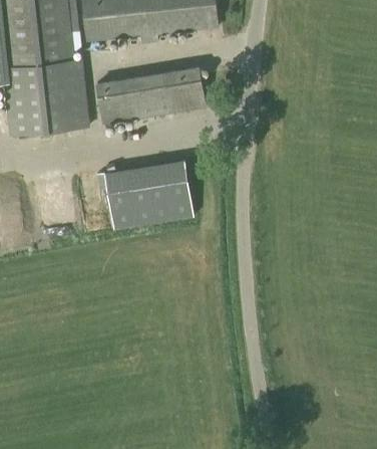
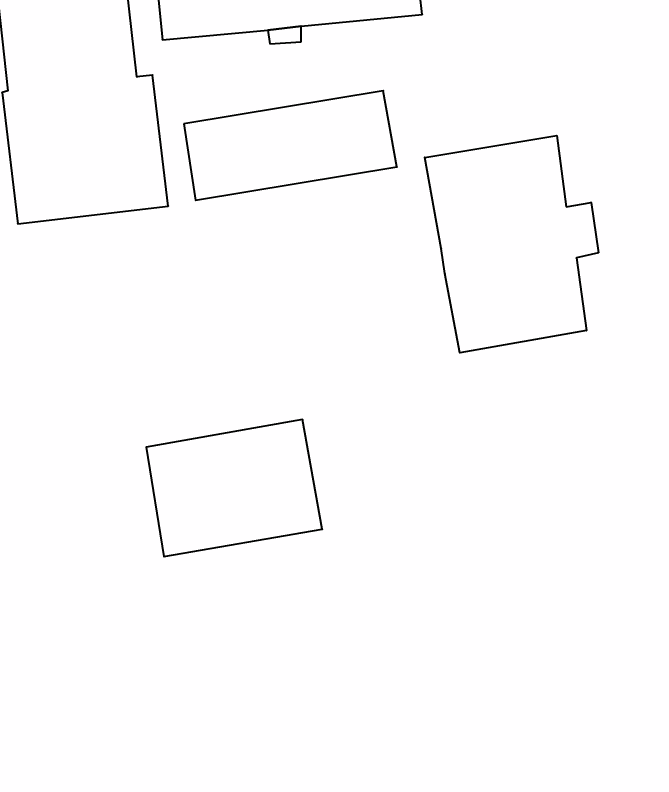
building: none -> [425,136,598,353]
building: [104,159,195,229] -> [146,420,322,557]

